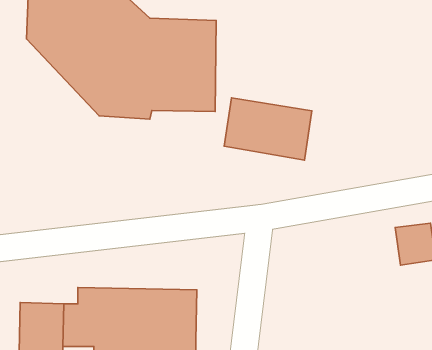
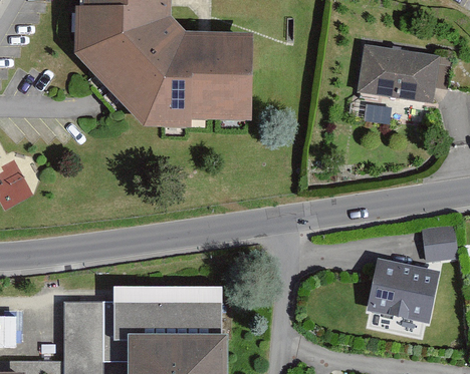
building: [224,98,312,160] -> [356,45,438,103]
building: none -> [364,258,438,323]

